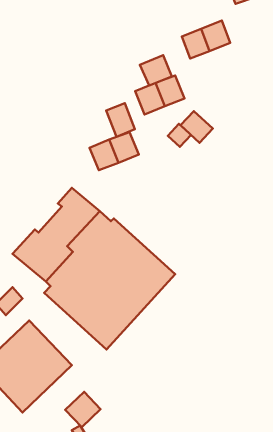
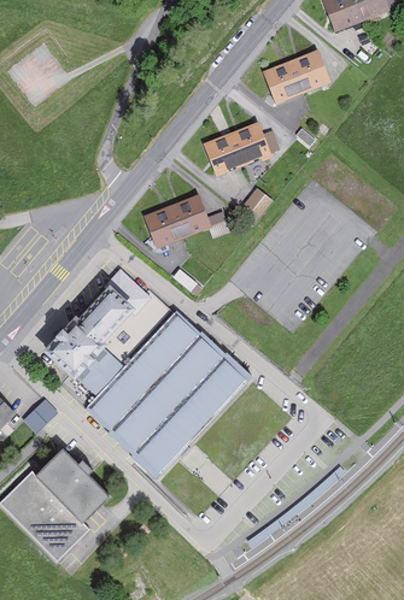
building: [140,55,172,85] -> none
building: [106,103,135,137] -> none
building: [181,111,213,143] -> none
building: [65,392,101,427] -> none

